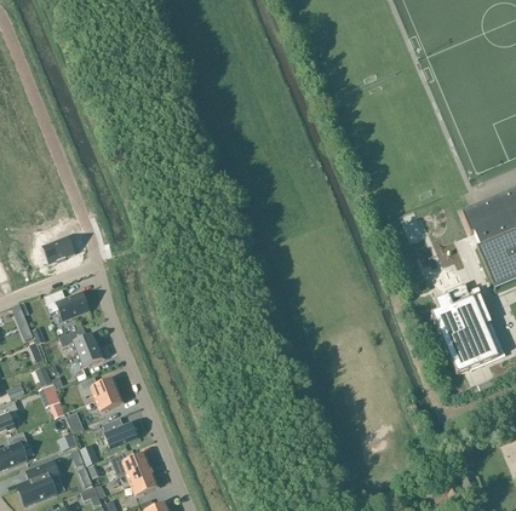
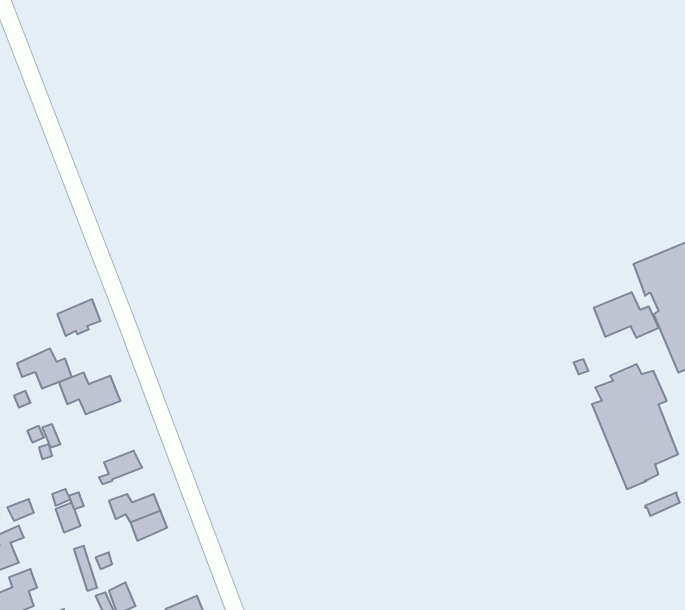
building: none -> [594,292,658,338]
building: [58,325,98,354] -> [17,349,72,389]
building: [102,415,137,447] -> none

